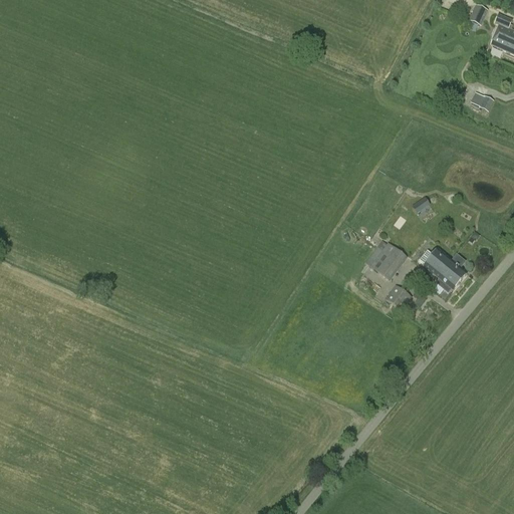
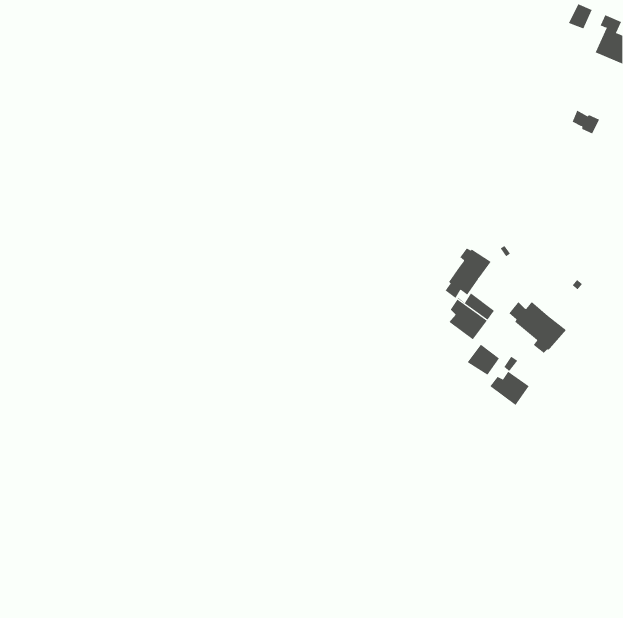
building: none -> [445,247,491,299]
building: none -> [489,371,530,406]

